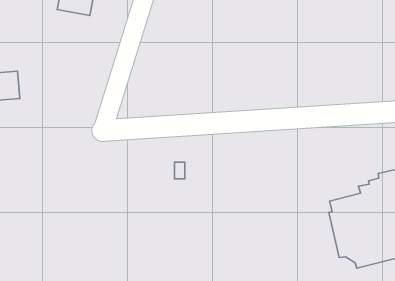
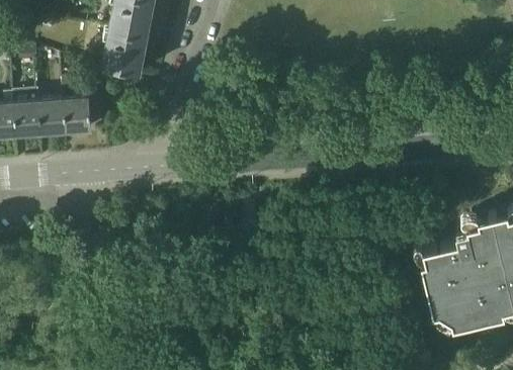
building: none -> [102,31,147,76]
building: none -> [64,100,91,133]

